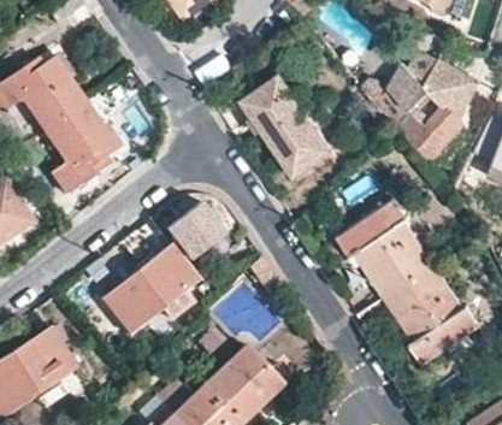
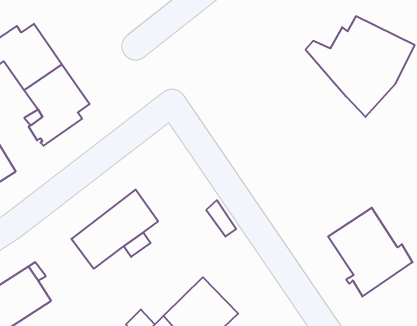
building: [241,76,331,179] -> none
building: [336,197,435,297] -> none
building: [165,203,223,261] -> none

